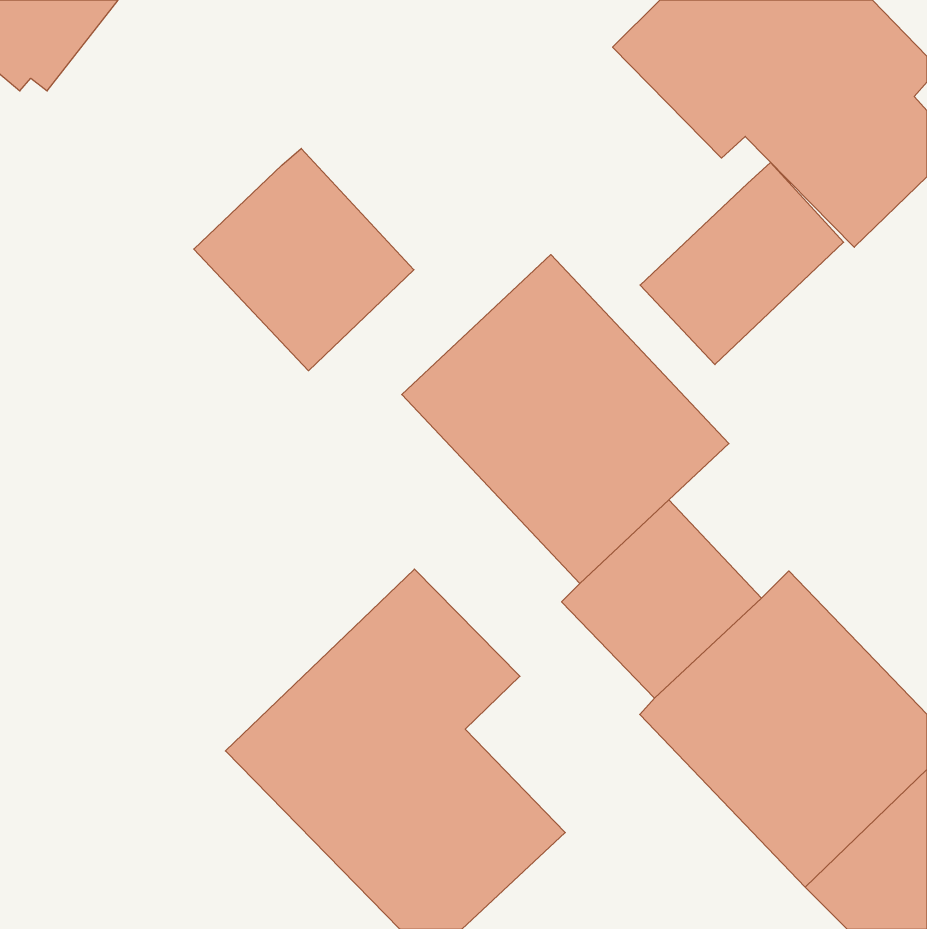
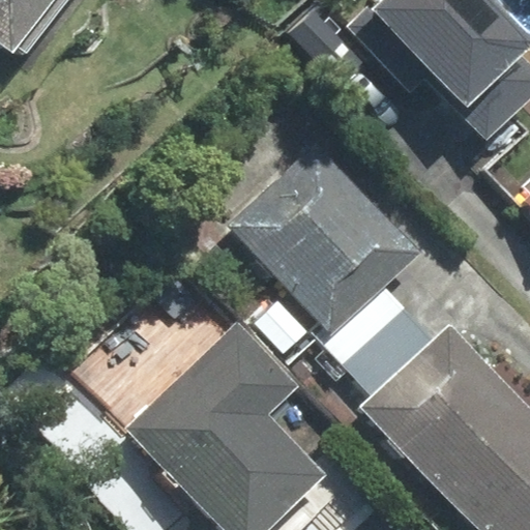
building: [194,148,414,371] -> none
building: [640,163,844,365] -> none

